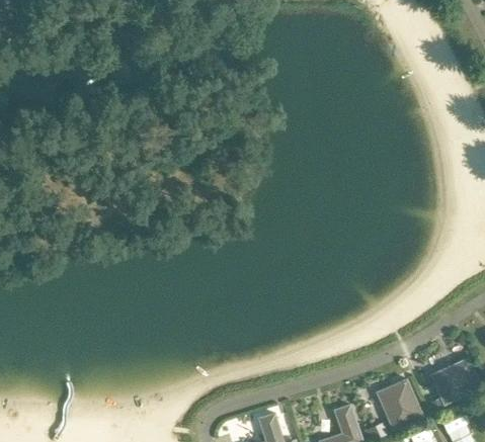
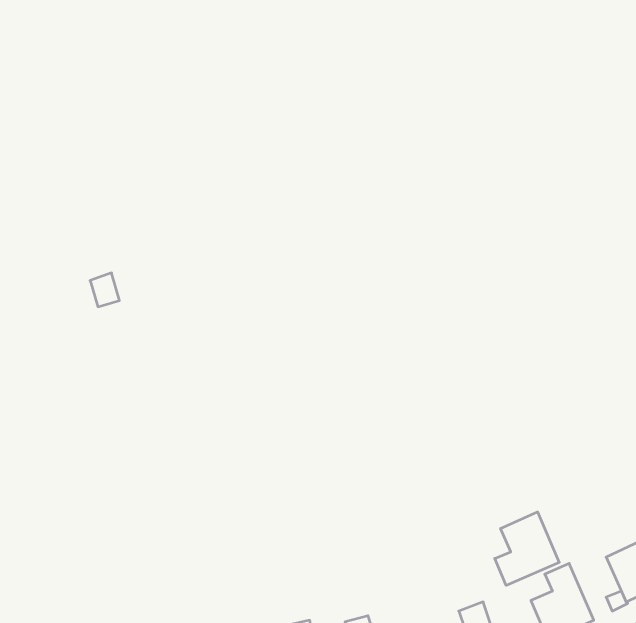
building: none -> [495,512,559,585]

